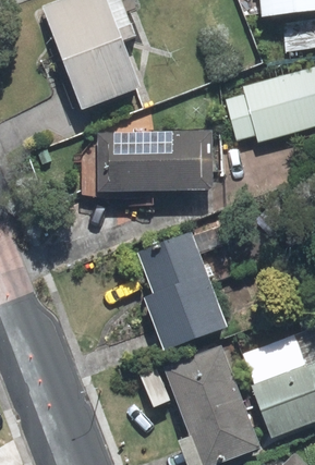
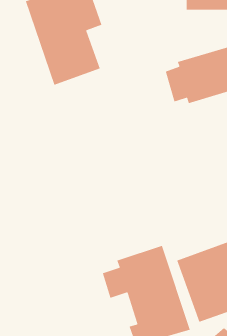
building: [97,131,211,194] -> none
building: [136,230,223,353] -> none

